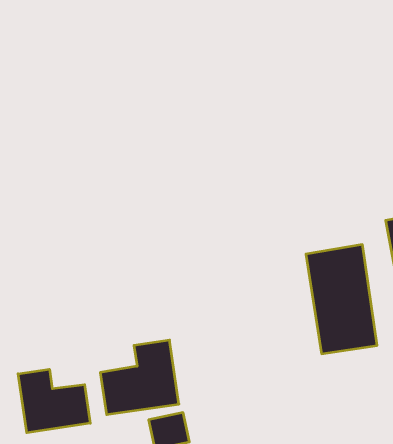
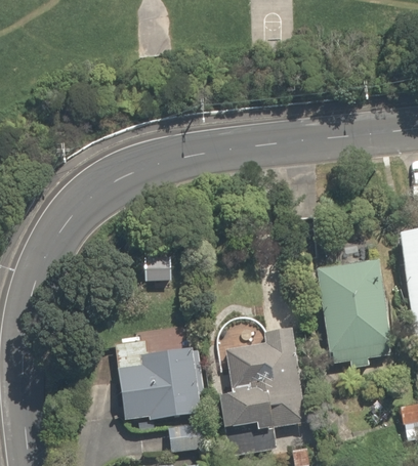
building: none -> [213,321,301,437]
building: [18,369,90,433] -> none

